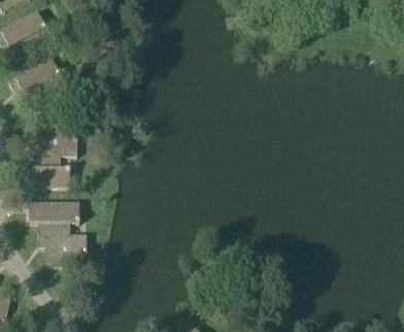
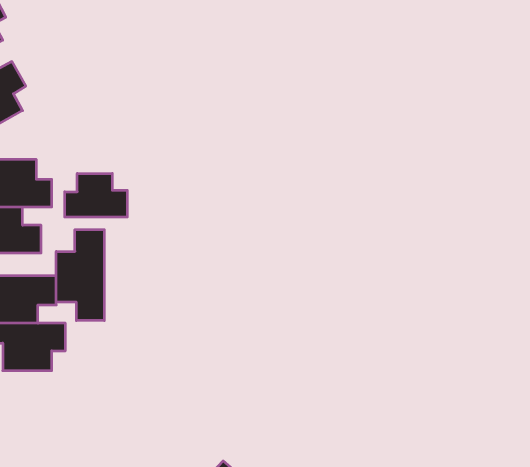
building: none -> [65,173,127,217]
building: none -> [56,230,104,321]

